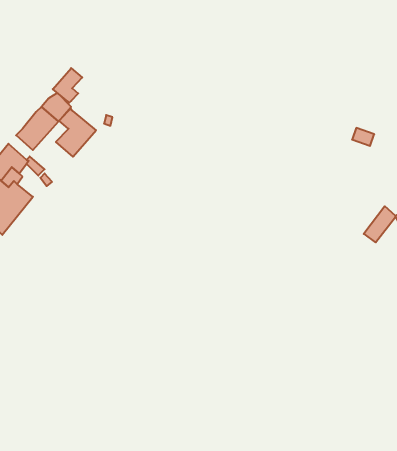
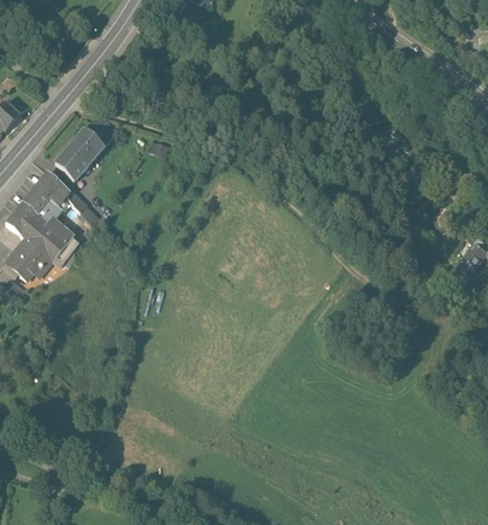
building: [53,68,82,103] -> none
building: [56,109,96,157] -> none

